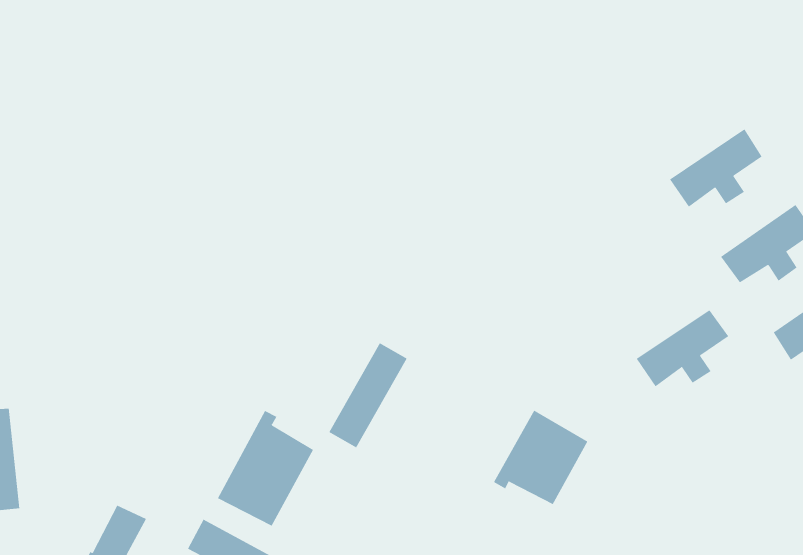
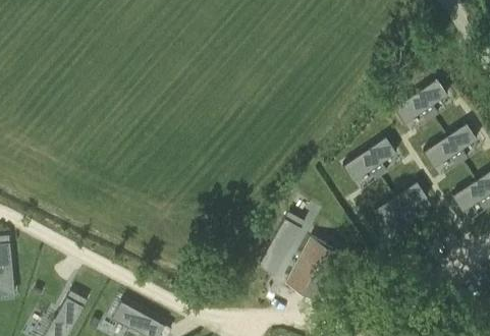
building: none -> [341,137,396,183]
building: [328,343,408,448] -> [261,214,307,275]
building: [217,410,314,527] -> none

